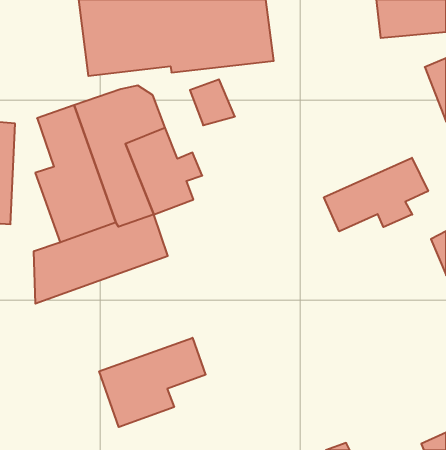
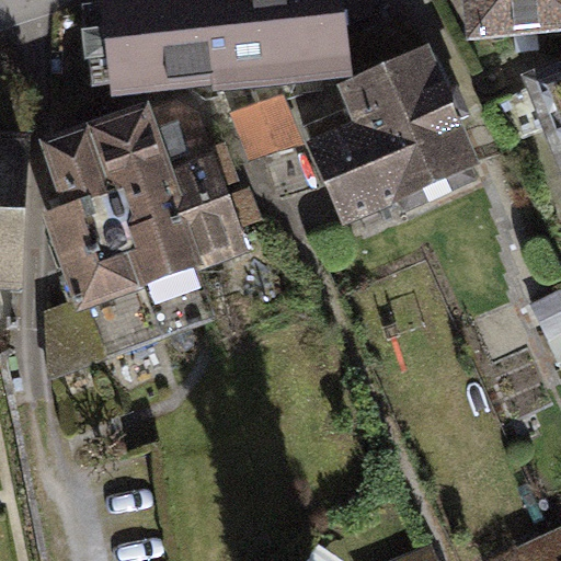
building: none -> [298,23,468,221]
building: [324,158,428,231] -> none
building: [99,338,206,427] -> none

